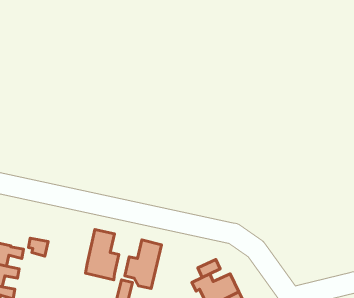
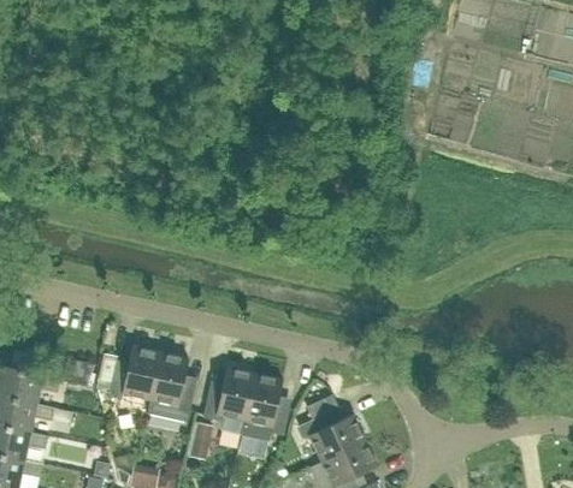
building: none -> [107,346,160,400]
building: none -> [240,374,288,441]

